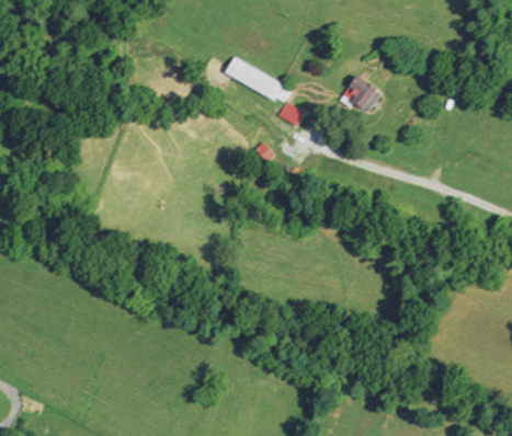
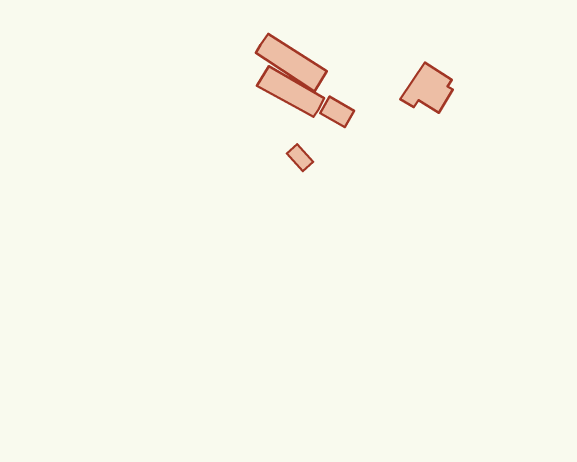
building: none -> [257,66,324,117]

